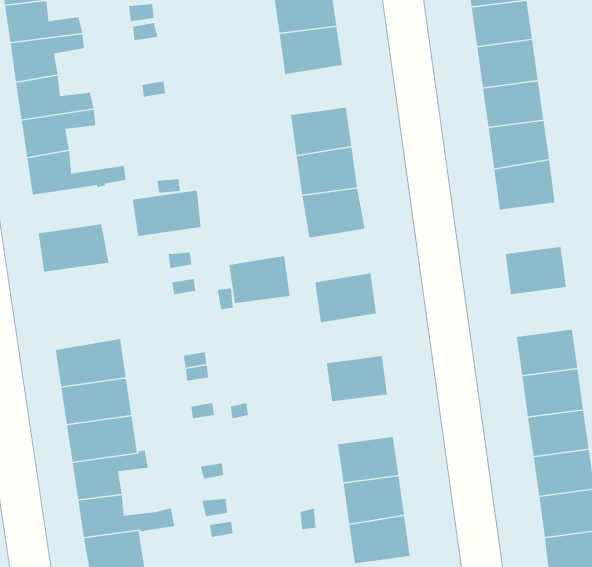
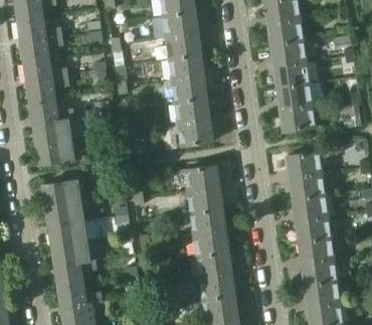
building: none -> [170,55,203,82]
building: [132,190,201,237] -> [35,120,72,145]
building: [228,255,291,304] -> [189,188,222,214]
building: none -> [291,174,324,200]
building: none -> [44,181,82,207]
building: none -> [195,231,228,258]

